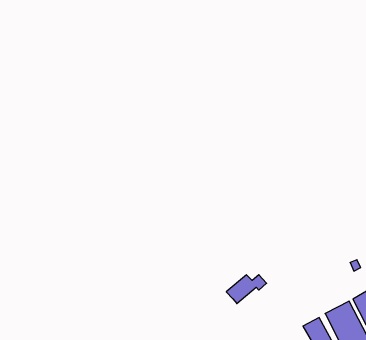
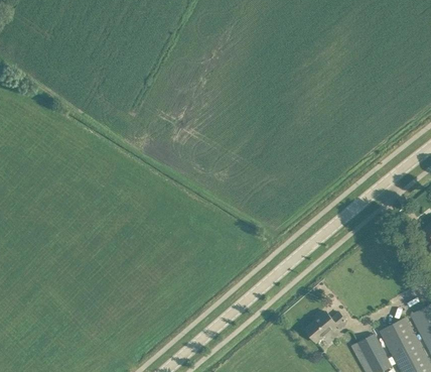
building: [226,275,267,304] -> [305,313,347,343]

